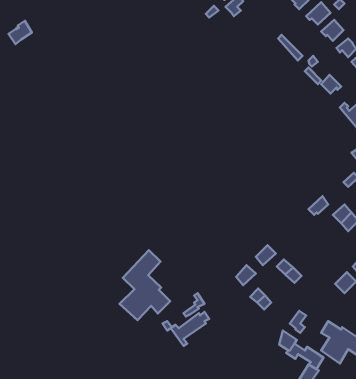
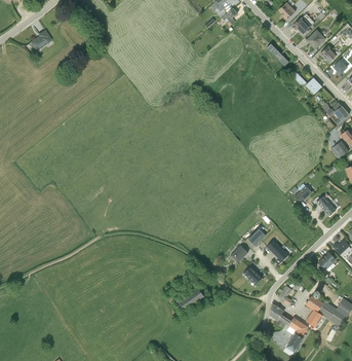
building: [119,250,170,320] -> none

